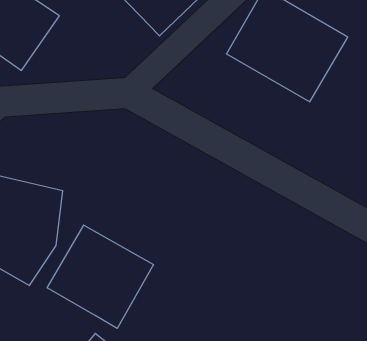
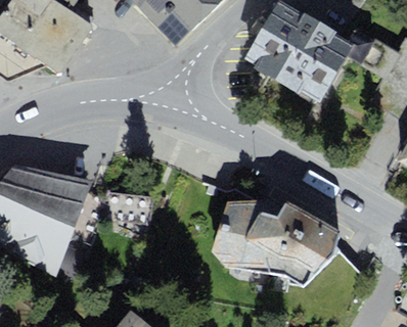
building: none -> [204,197,330,282]
building: [47,225,153,328] -> none

